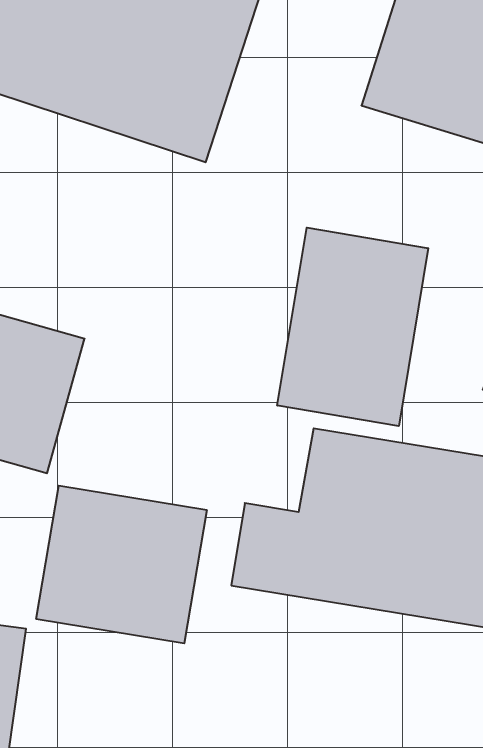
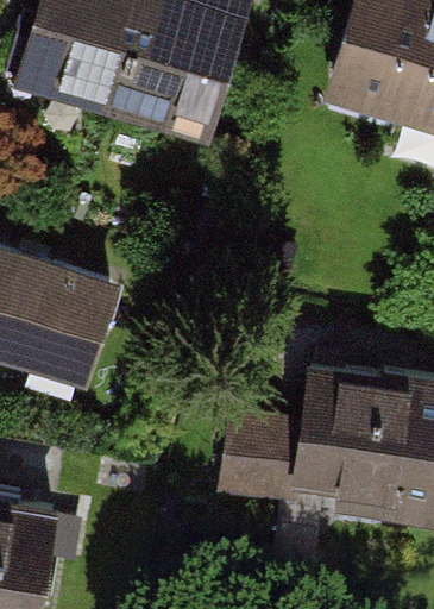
building: [277,228,428,426] -> none
building: [36,486,207,643] -> none

